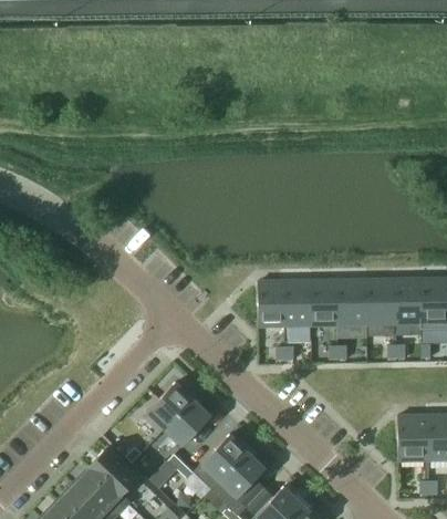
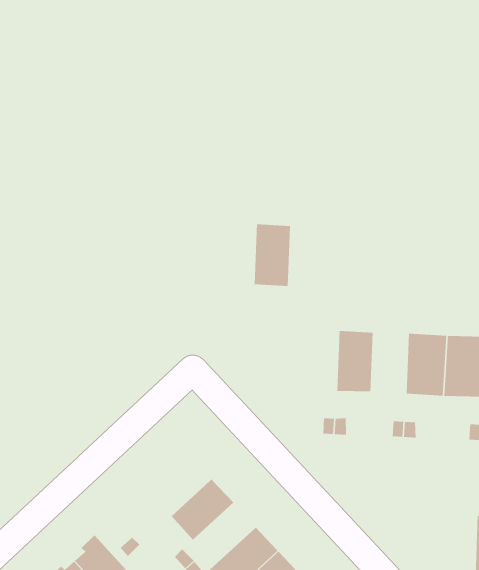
building: [310,279,337,325] -> none
building: [257,280,284,326] -> [254,224,291,287]
building: [146,382,195,429] -> none

